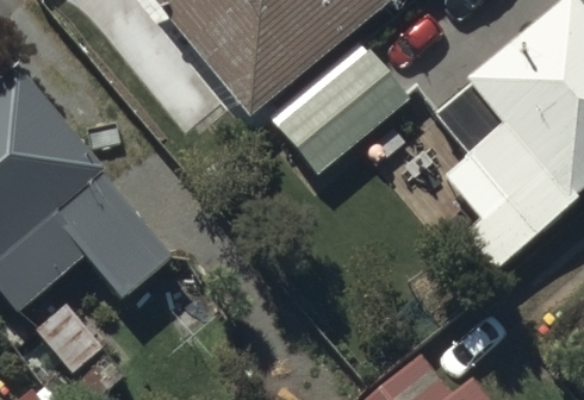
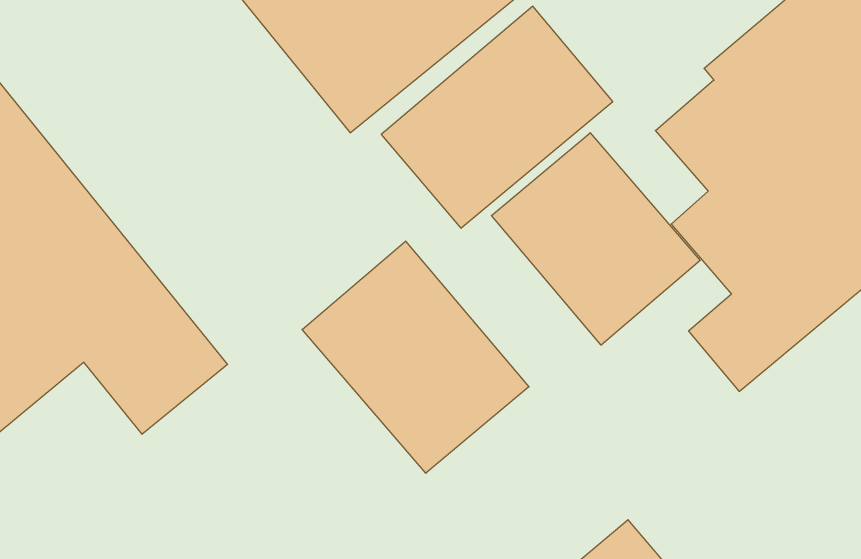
building: none -> [491,133,700,345]
building: none -> [302,241,529,473]

